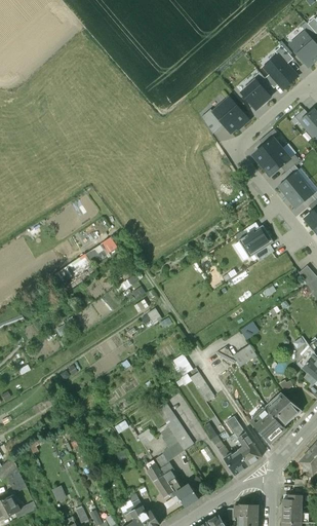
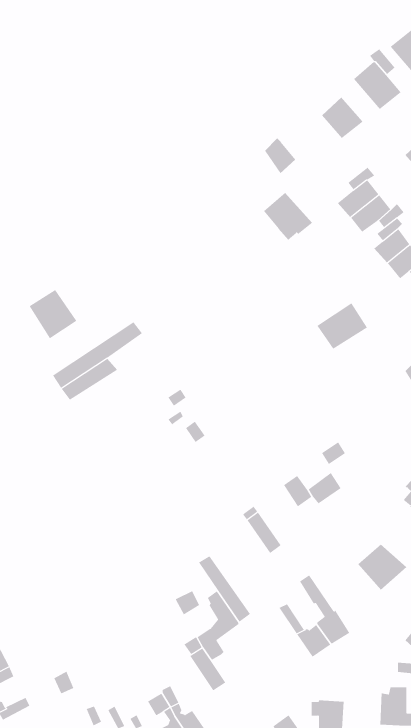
building: [213,98,248,132] -> [263,192,313,240]
building: none -> [29,289,77,339]
building: [250,407,285,442] -> none
building: [164,472,199,508] -> none

